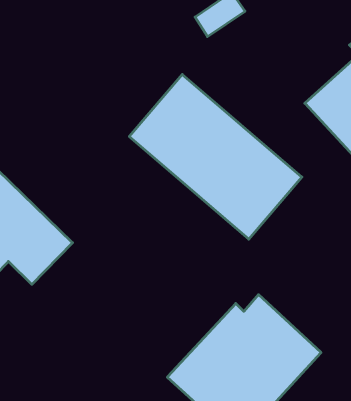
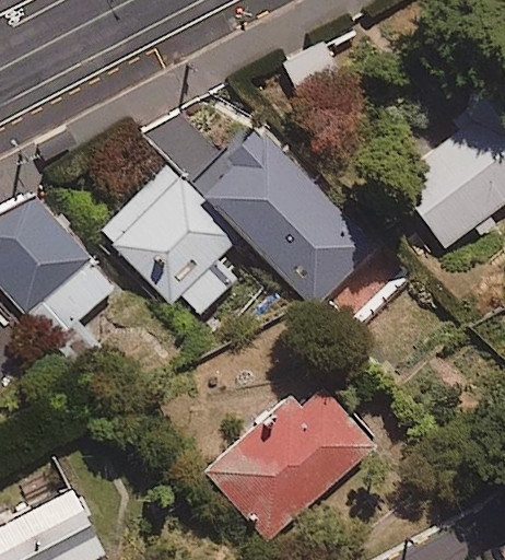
building: none -> [99,164,242,319]

